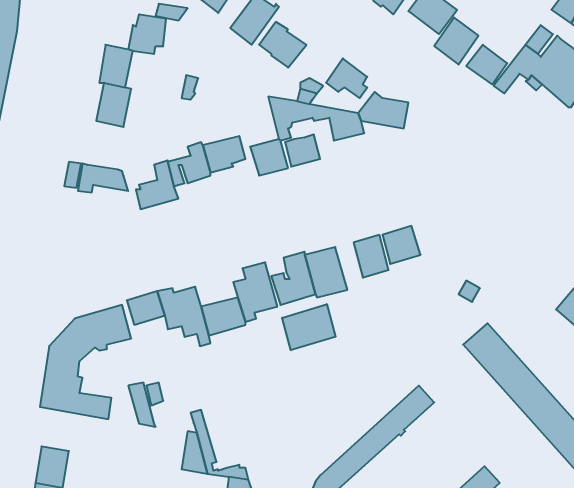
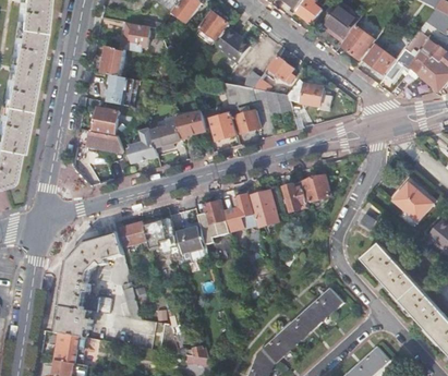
building: none -> [94,108,120,135]
building: none -> [395,183,436,222]
building: [282,304,336,350] -> none
building: none -> [56,305,93,338]

